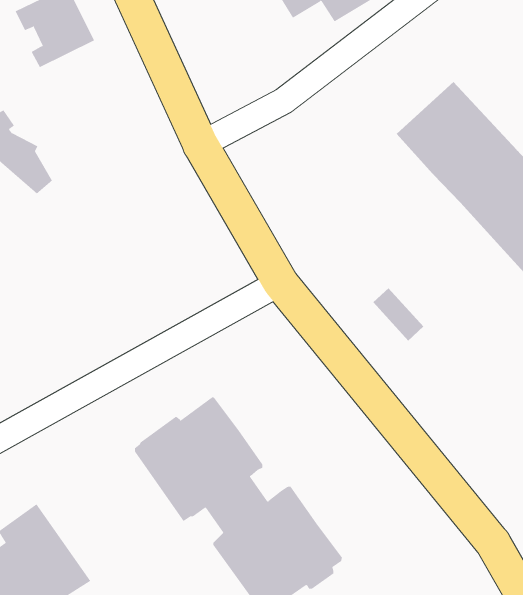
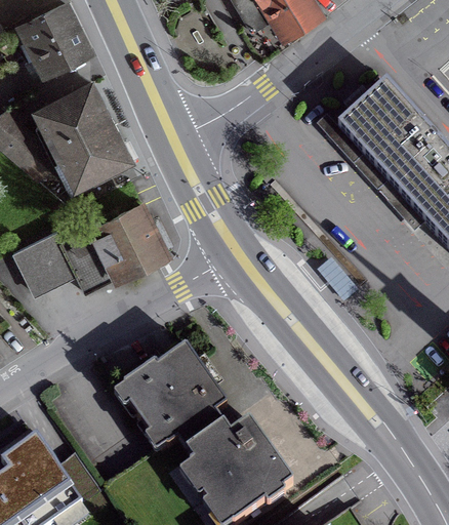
building: none -> [39,82,132,190]
building: none -> [13,203,165,291]

